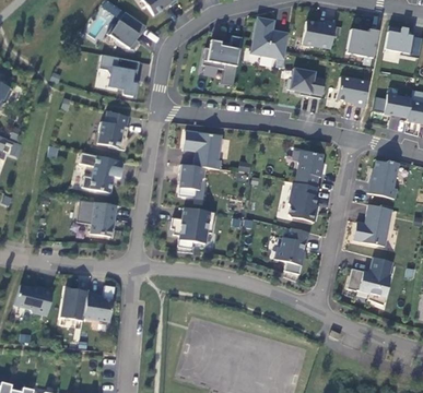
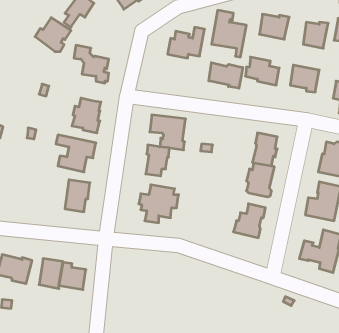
building: [107,12,146,49] -> [35,18,71,52]
building: none -> [209,63,243,88]

